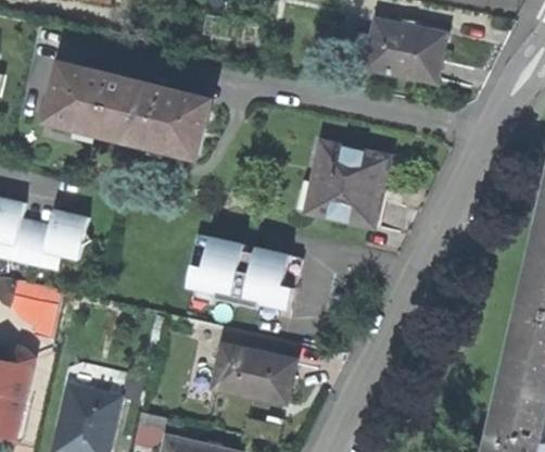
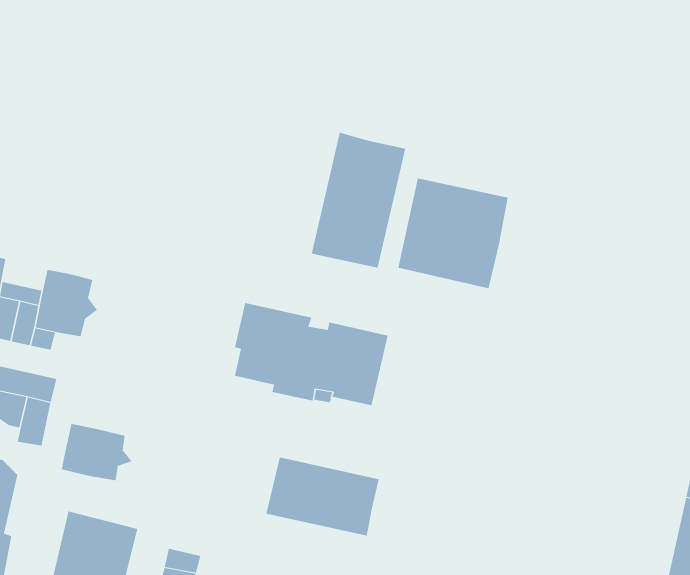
building: [354,21,444,79] -> none
building: [54,68,208,153] -> none
building: none -> [311,132,406,269]
building: none -> [61,423,133,481]

